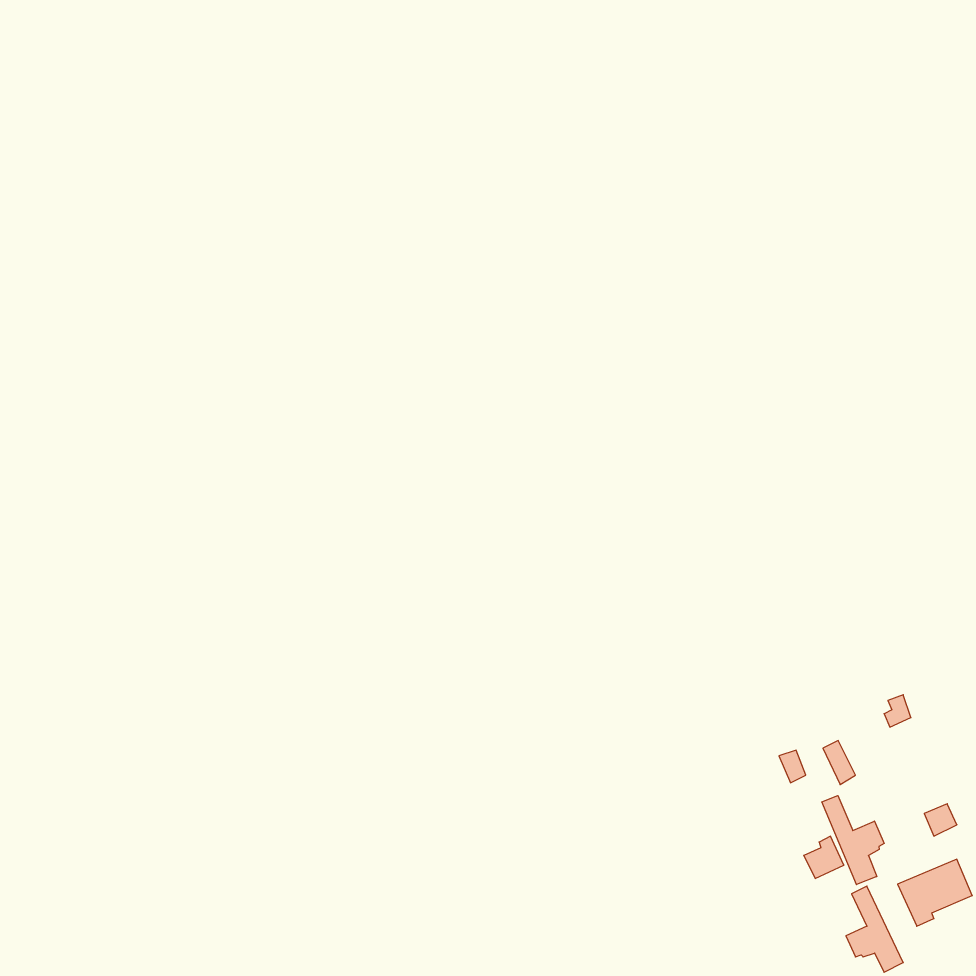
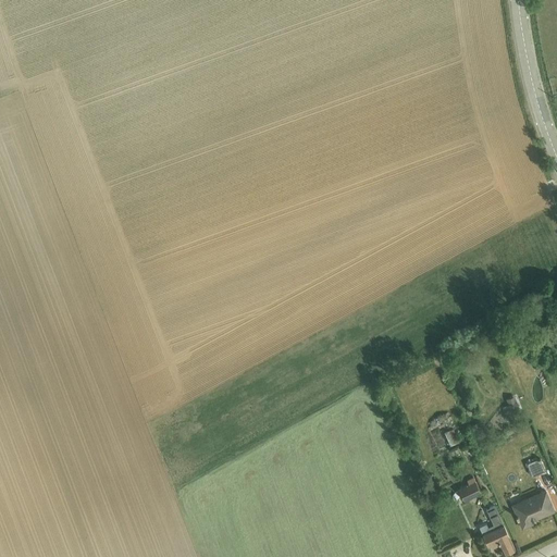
building: [822,796,884,885] -> none

